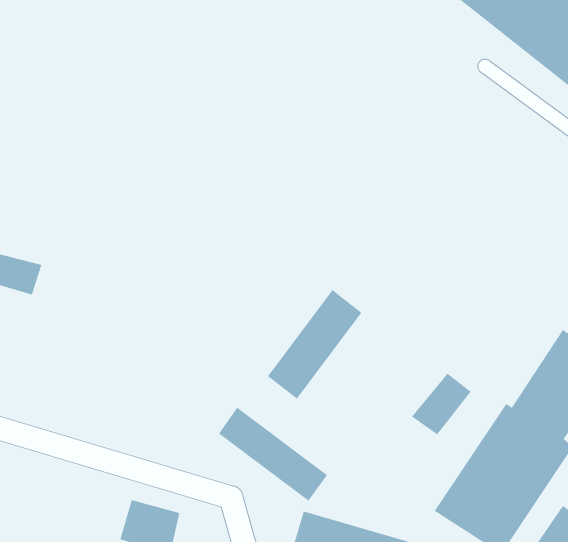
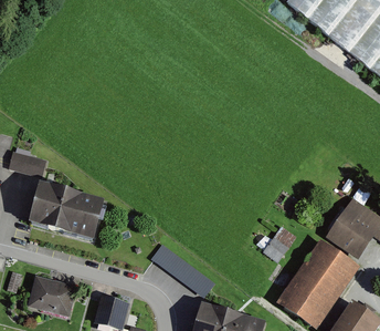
building: [267,289,362,400] -> none
building: none -> [28,184,101,239]
building: none -> [28,276,76,316]

